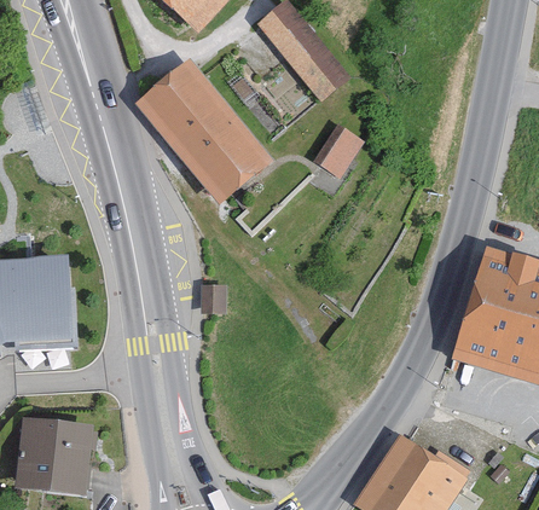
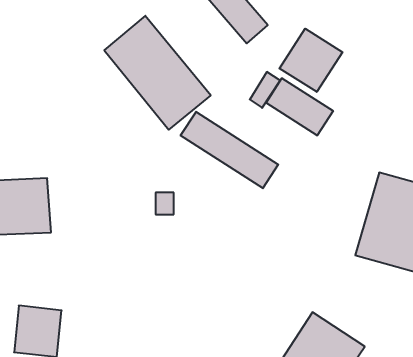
building: none -> [279,29,342,92]
building: none -> [266,78,333,136]
building: none -> [181,112,278,188]

